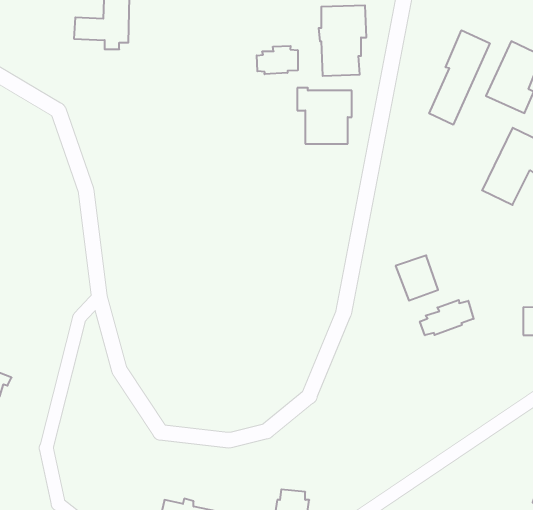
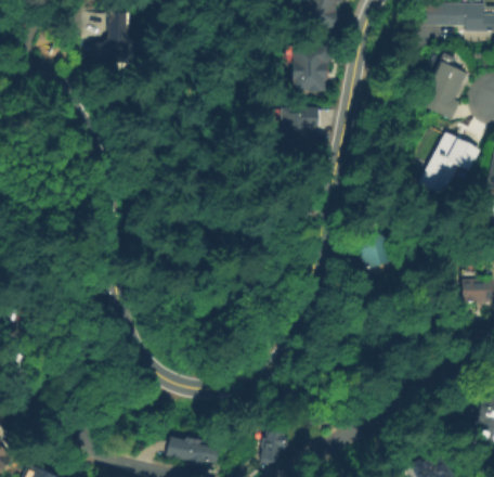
building: [429,30,490,125] -> none
building: [257,46,298,74] -> none
building: [420,300,474,335] -> none

